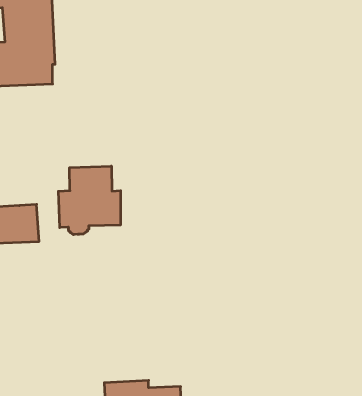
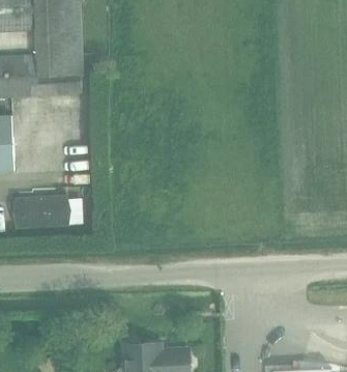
building: [58,166,121,235] -> none

